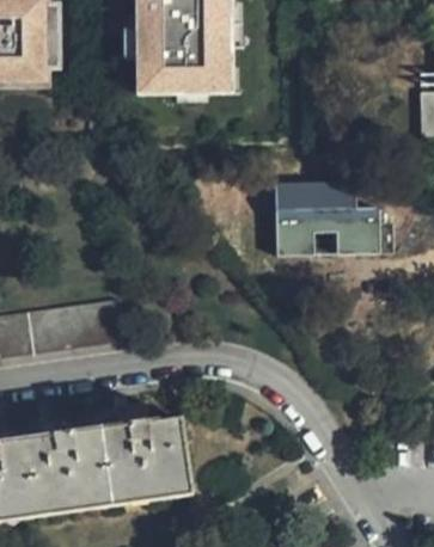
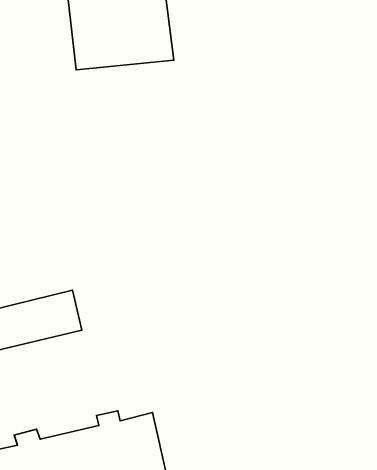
building: [275,182,373,253] -> none

